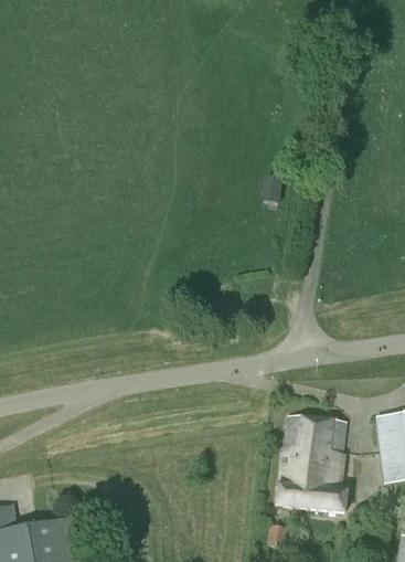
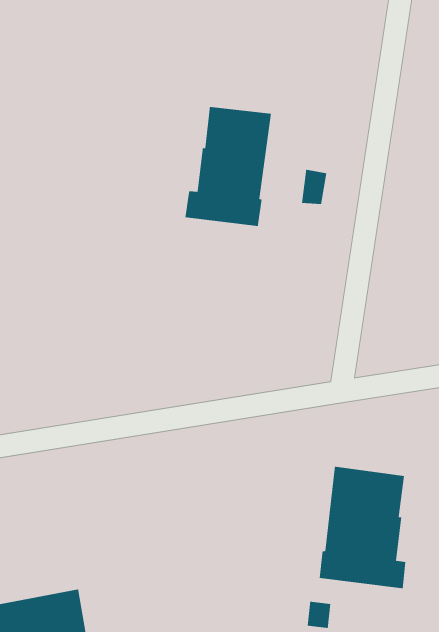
building: none -> [185,106,271,227]

